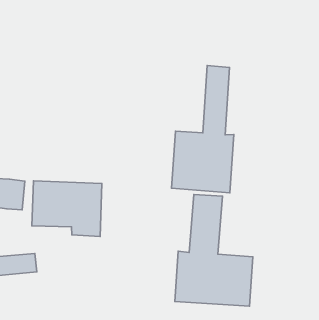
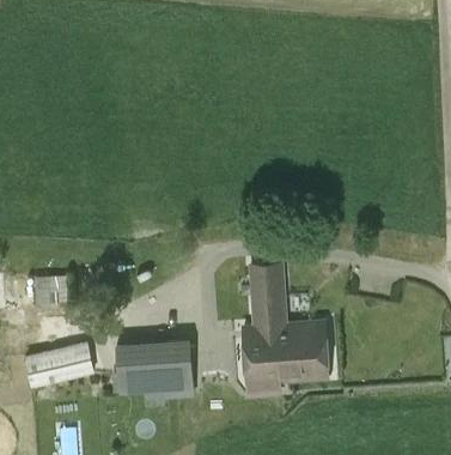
building: [172,66,234,193] -> none
building: [32,181,102,236] -> [115,338,195,398]

